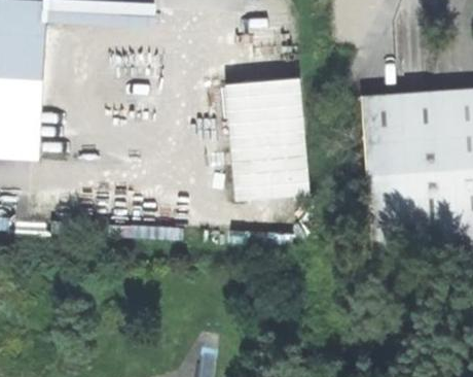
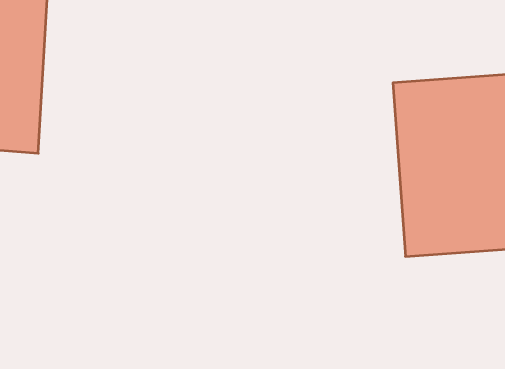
building: [228,79,310,200] -> none

